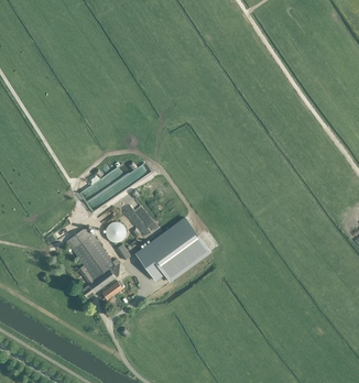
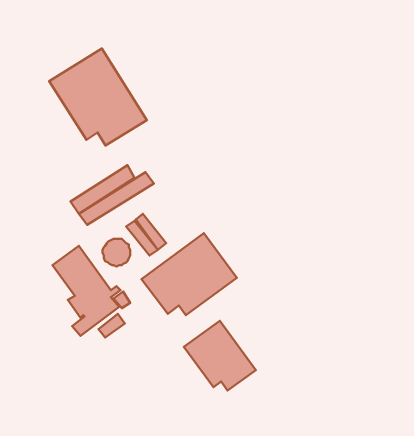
building: none -> [49,49,147,145]
building: none -> [184,321,256,390]

